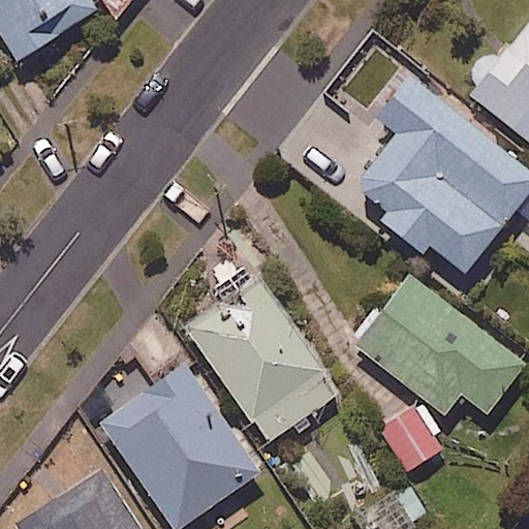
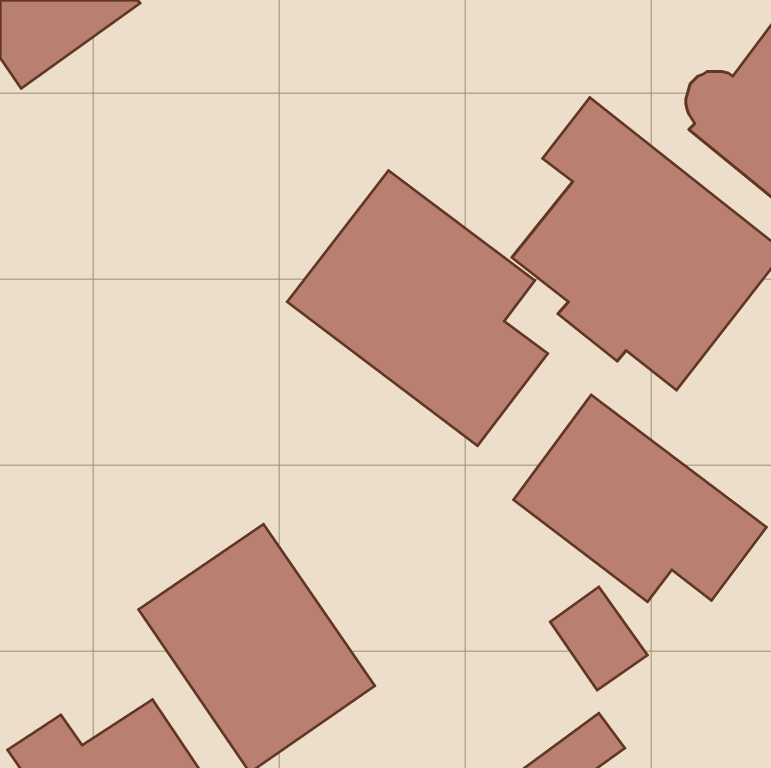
building: none -> [287,170,548,446]
building: [185,275,338,444] -> none

